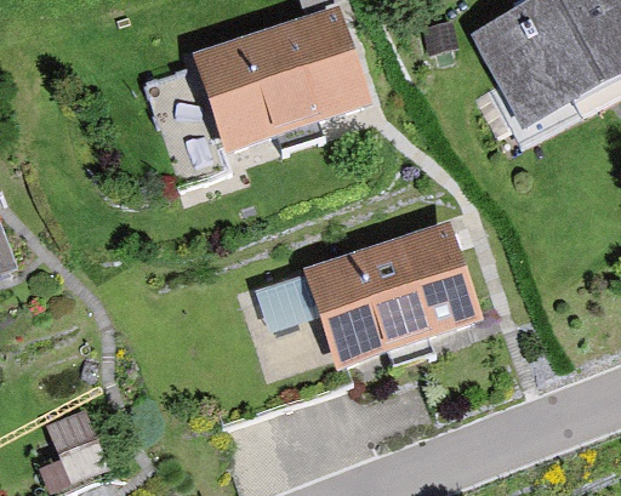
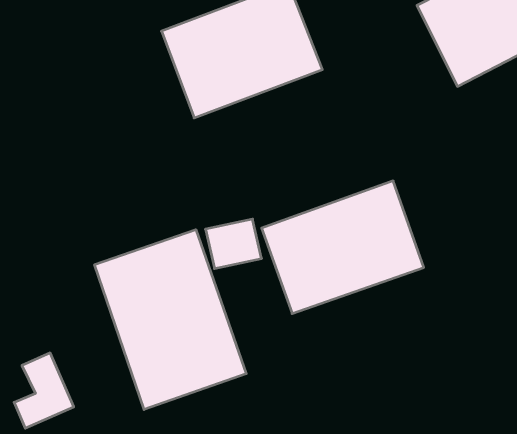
building: none -> [95,230,246,410]

